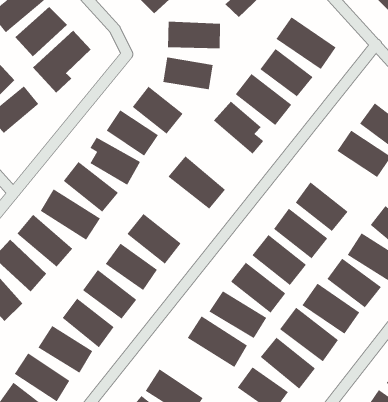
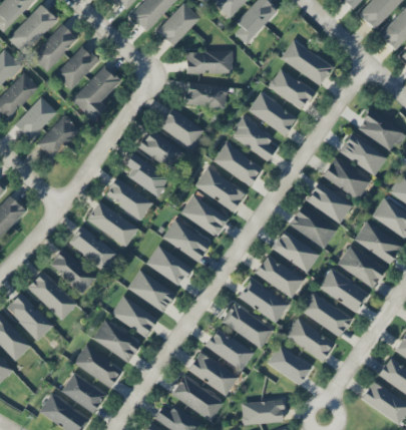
building: none -> [214,142,263,185]
building: none -> [322,156,371,200]
building: none -> [180,194,229,237]
building: none -> [205,329,254,370]

